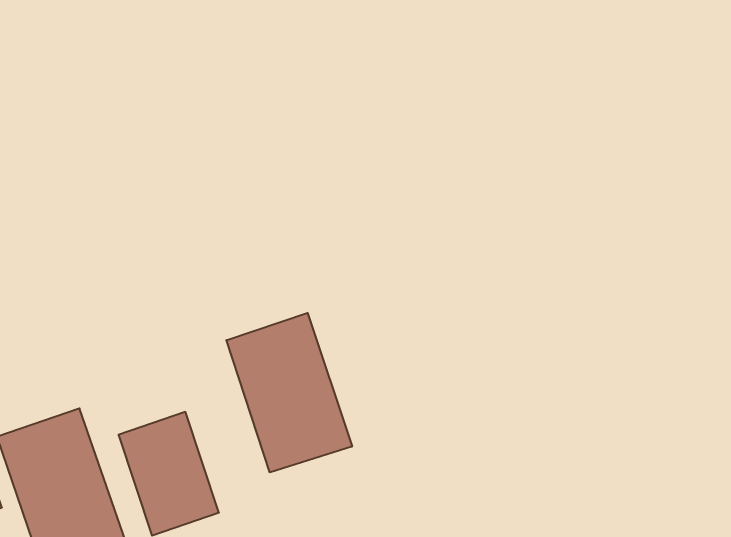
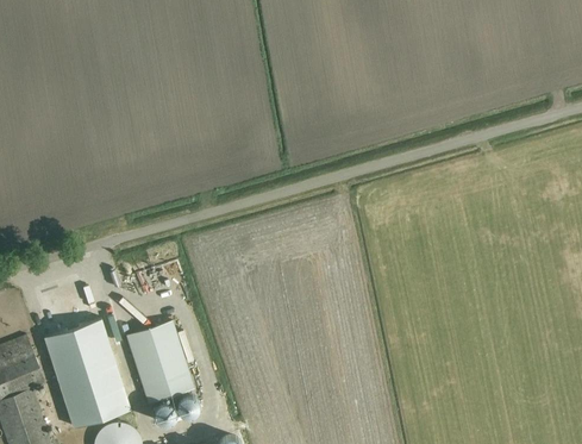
building: [226,313,352,472] -> none

